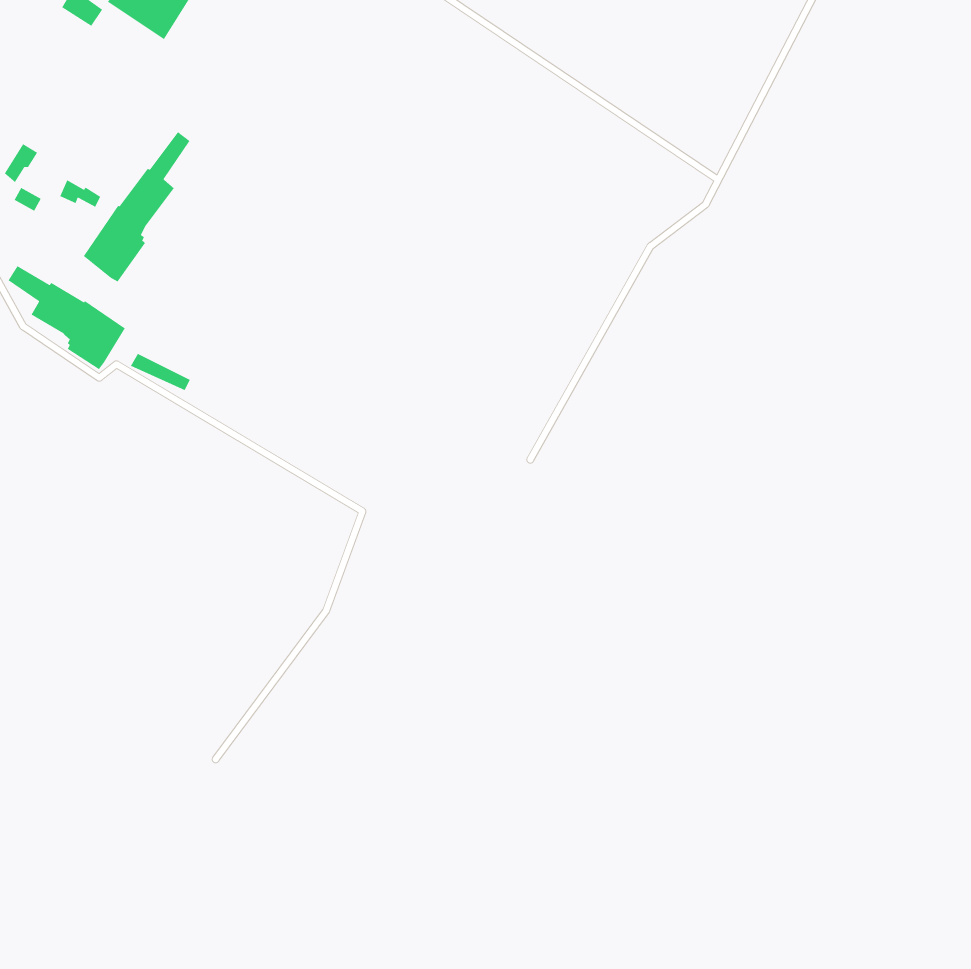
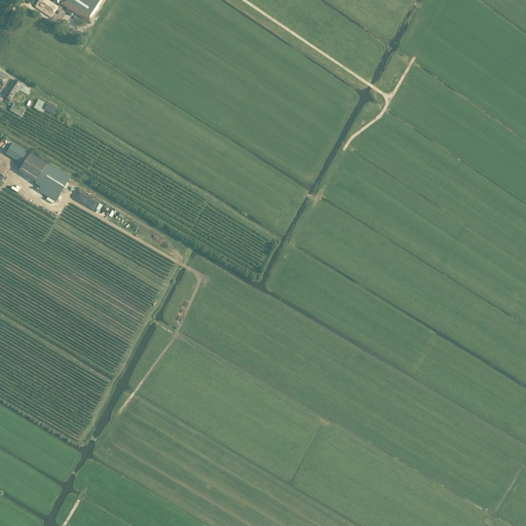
building: [83,131,191,283] -> none

